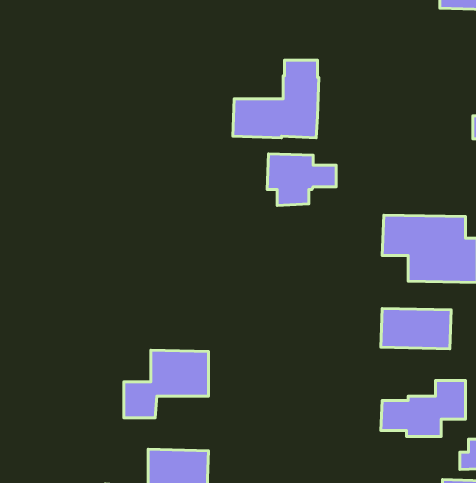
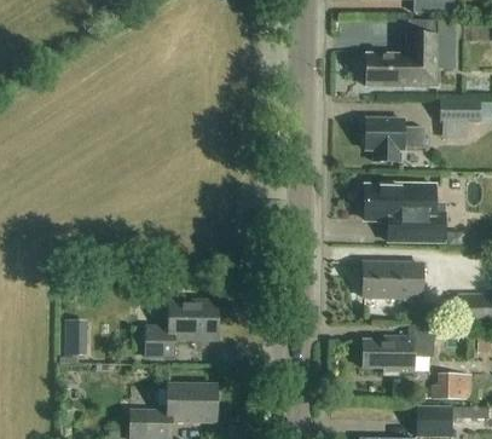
building: [233,60,319,138] -> [366,21,439,86]
building: [267,154,336,205] -> [366,119,424,162]
building: none -> [62,325,88,357]

